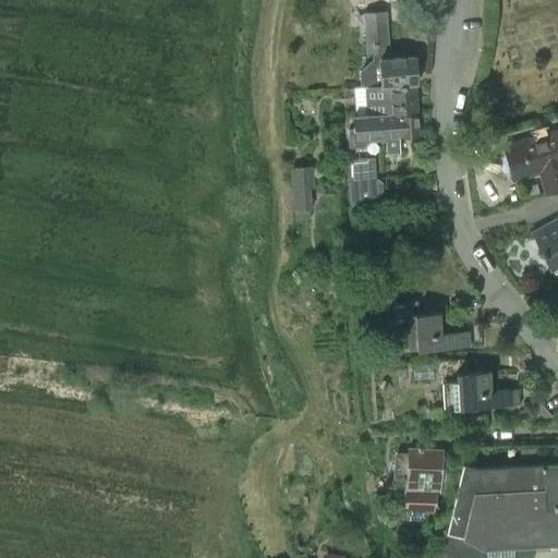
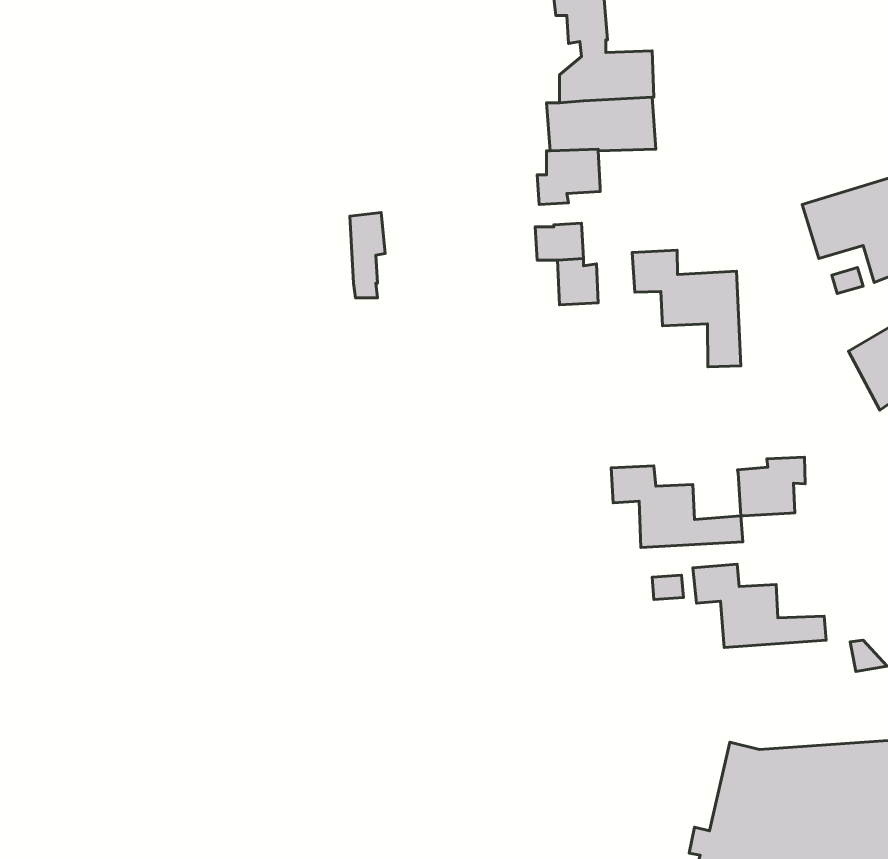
building: [386,117,421,142] -> none
building: [293,168,314,218] -> [350,213,385,298]
building: none -> [632,250,741,367]
building: none -> [738,457,805,516]
building: [407,449,445,524] -> none

